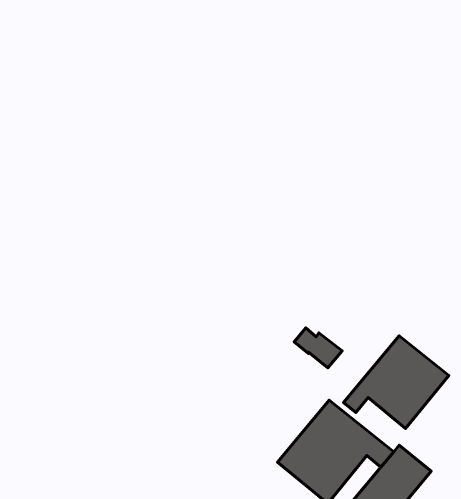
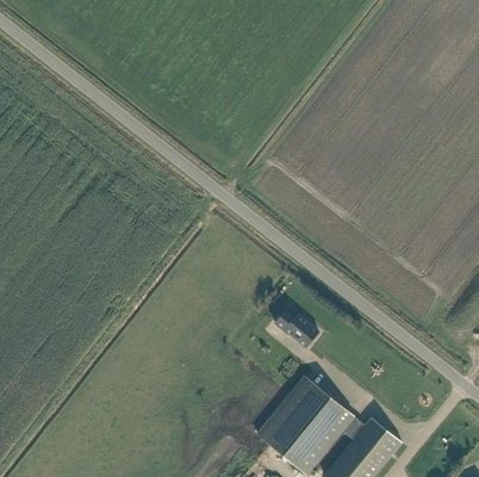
building: [343,336,449,429] -> none

